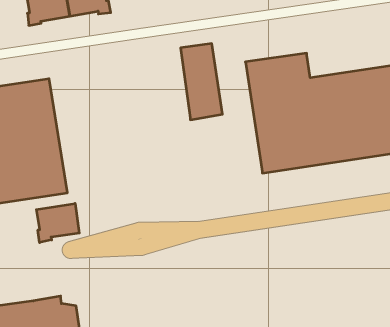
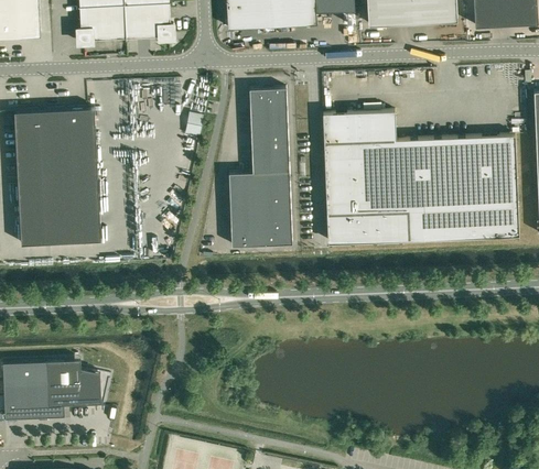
building: none -> [229,171,292,247]
building: [36,203,79,243] -> none

